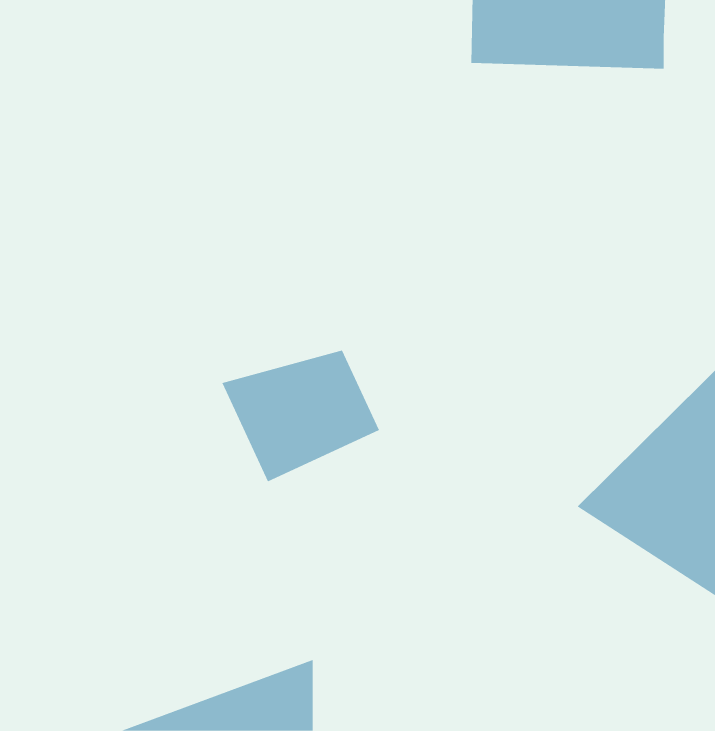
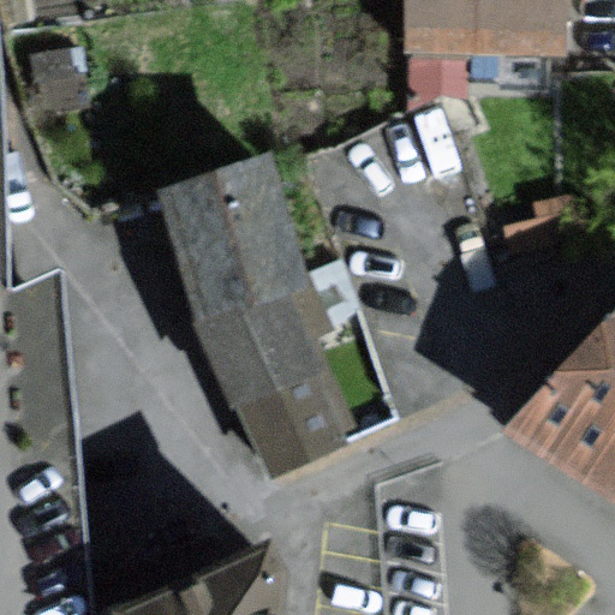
building: none -> [165,160,303,320]
building: none -> [240,359,365,470]

